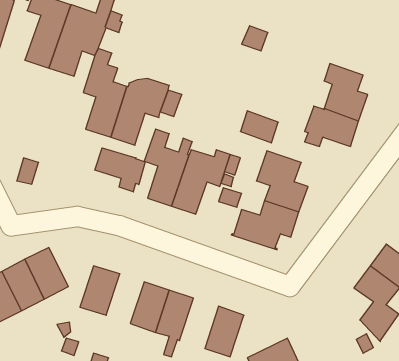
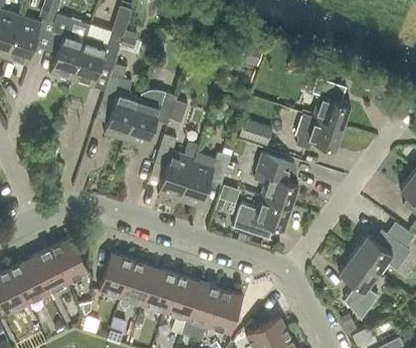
building: [95,148,145,192] -> none
building: none -> [122,261,155,304]
building: none -> [186,282,220,326]

